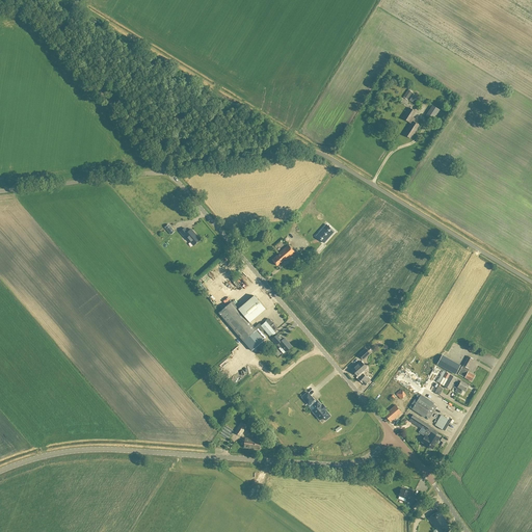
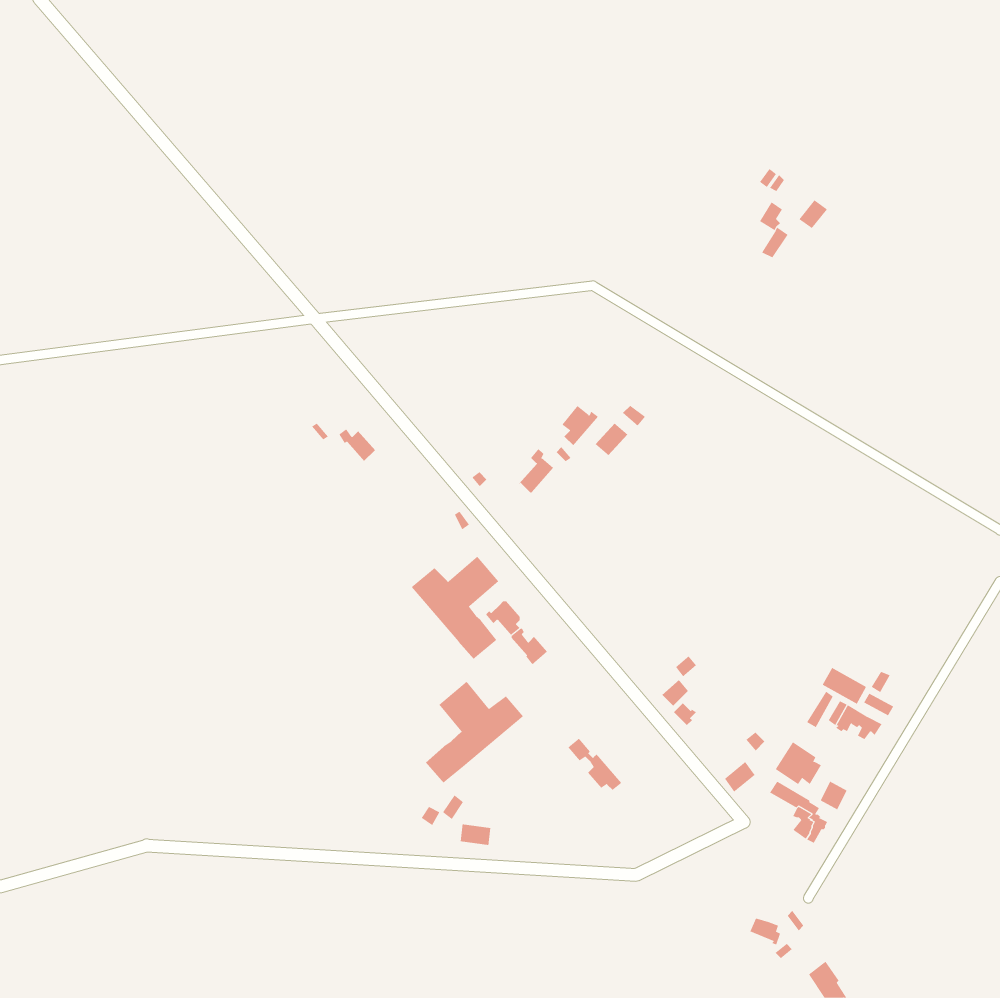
building: none -> [425,681,524,783]

